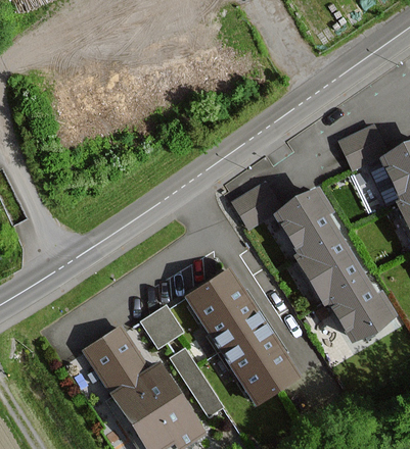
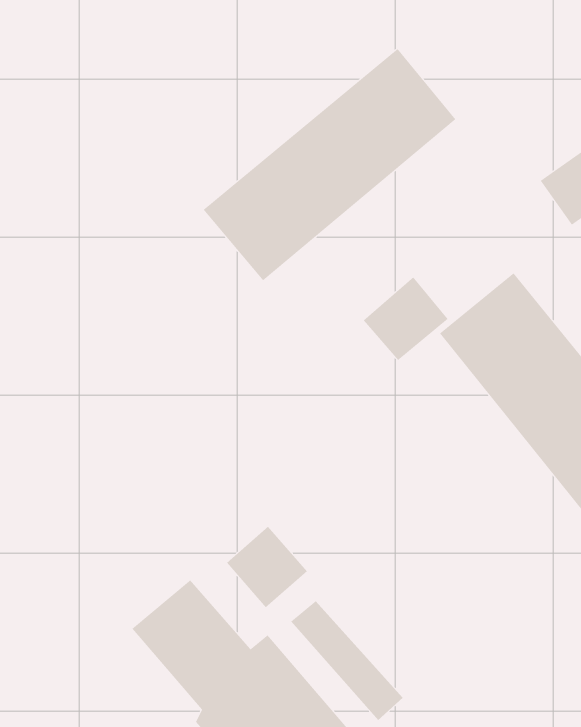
building: none -> [203,48,456,281]
building: [187,269,295,401] -> none

